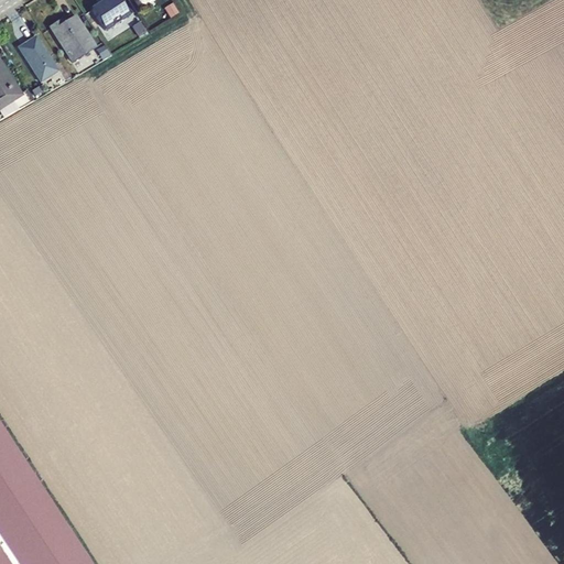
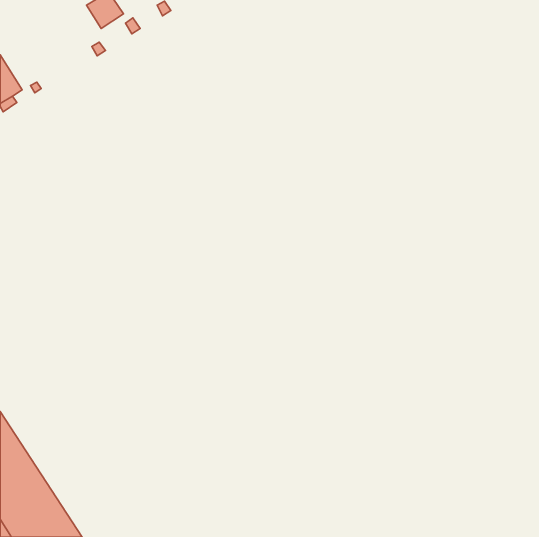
building: [48,13,96,62] -> none
building: [18,34,58,80] -> none

